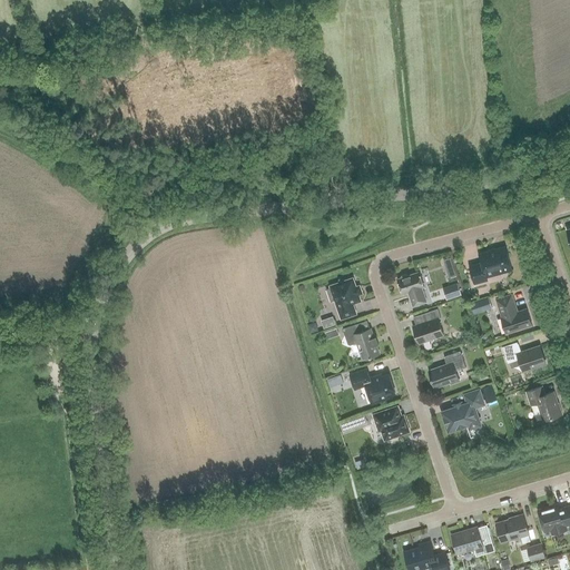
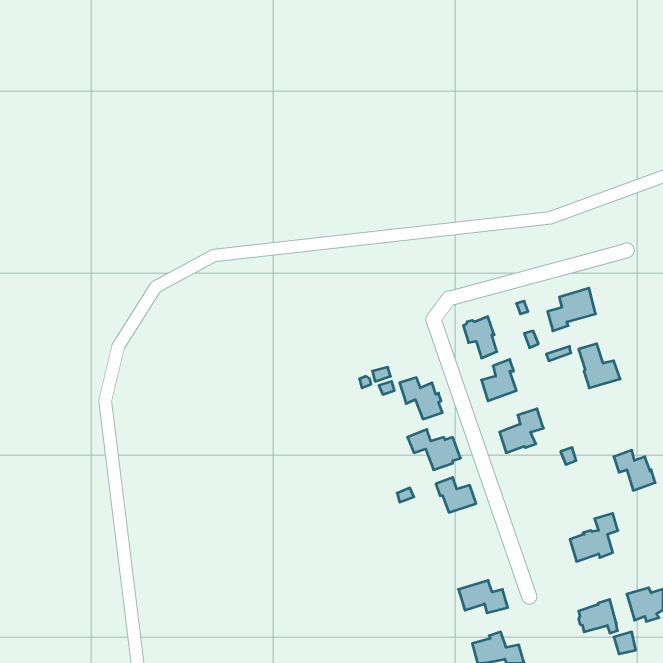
building: [326,278,362,318] -> none
building: [502,342,546,371] -> none
building: [443,390,484,431] -> [570,513,618,561]
building: [452,528,494,556] -> [458,580,508,613]

